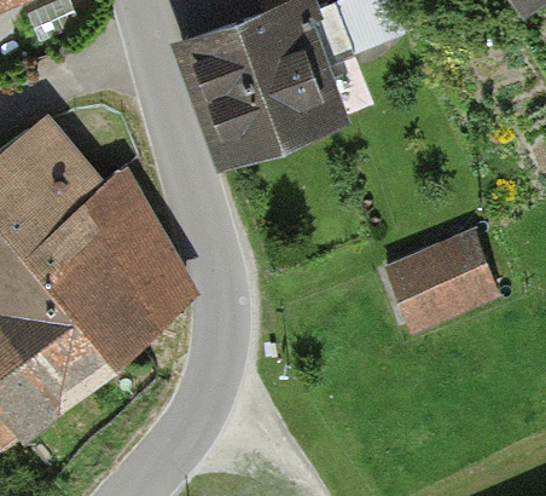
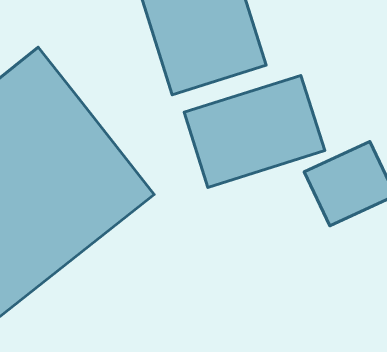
building: none -> [184,75,325,187]

